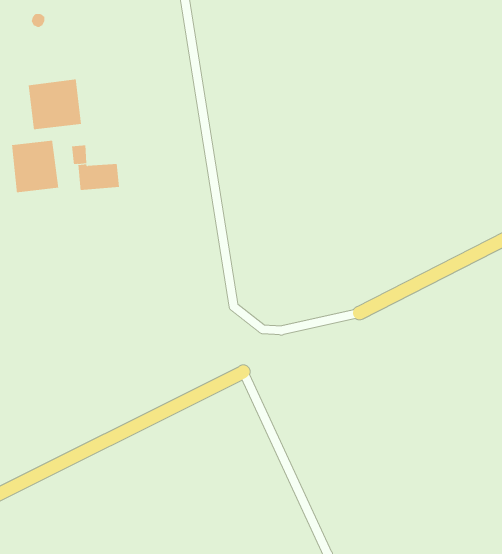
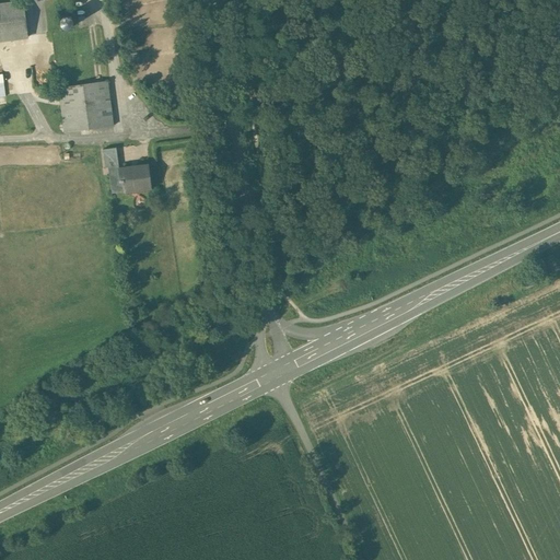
building: [11,140,59,193] -> none

